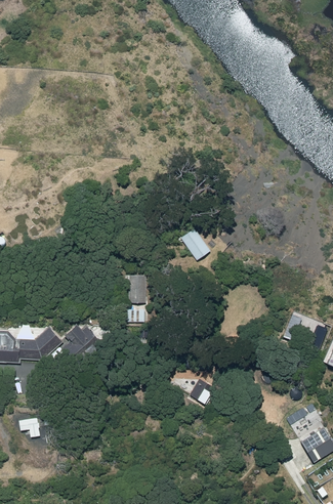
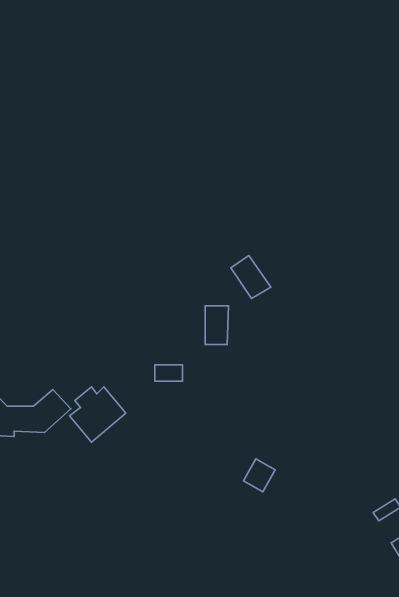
building: [128,275,145,303] -> [205,306,228,344]

